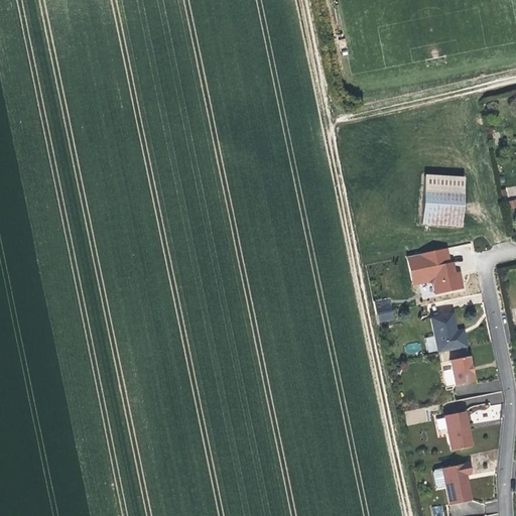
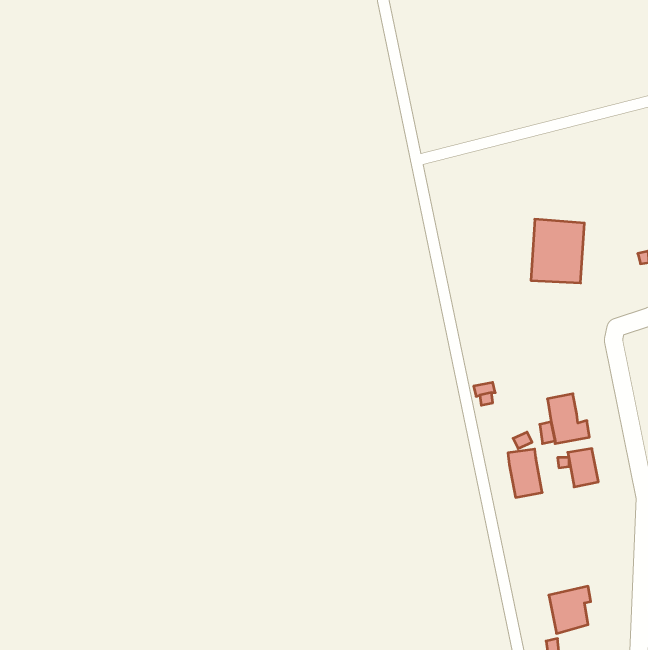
building: [411,247,466,294] -> none
building: [445,414,473,453] -> [508,449,542,497]

